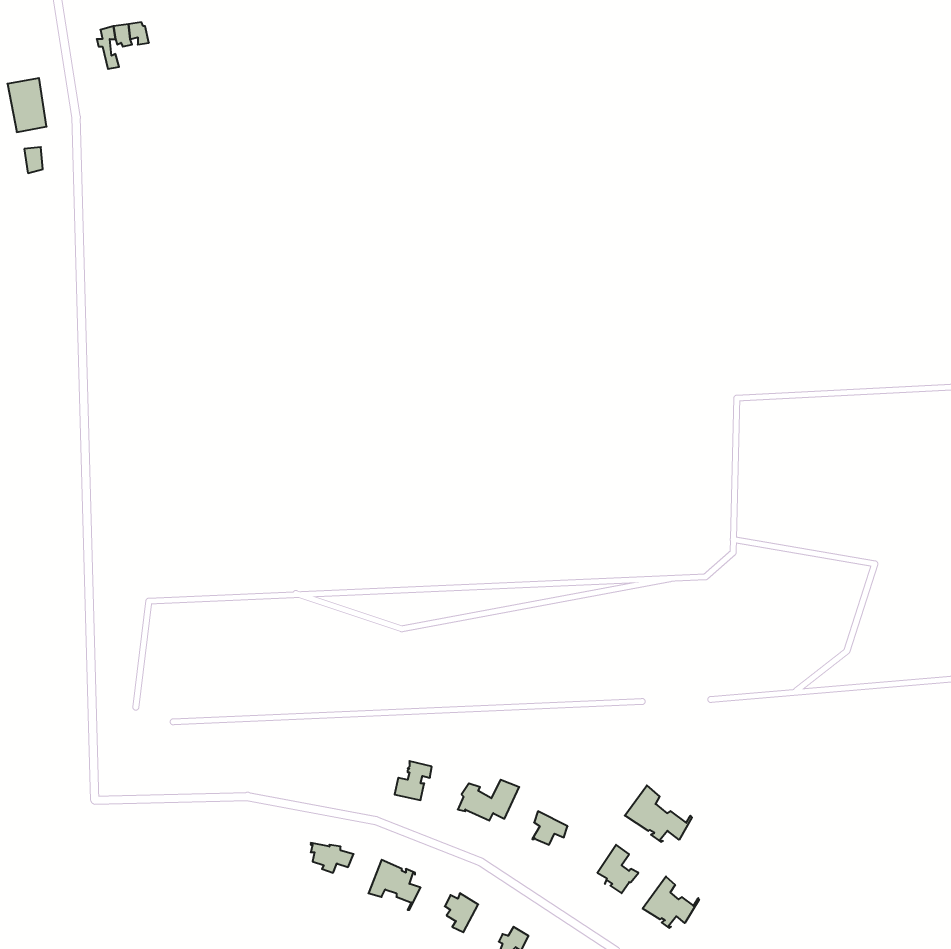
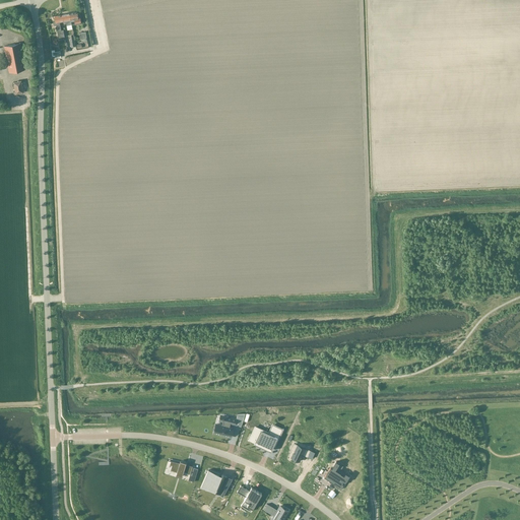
building: [625,785,692,842] -> none
building: [643,876,699,928] -> none

